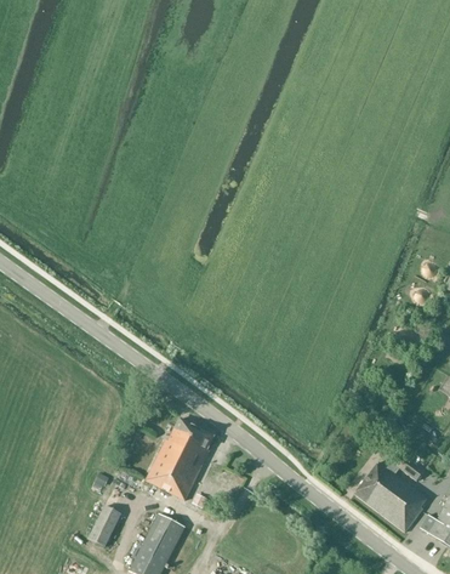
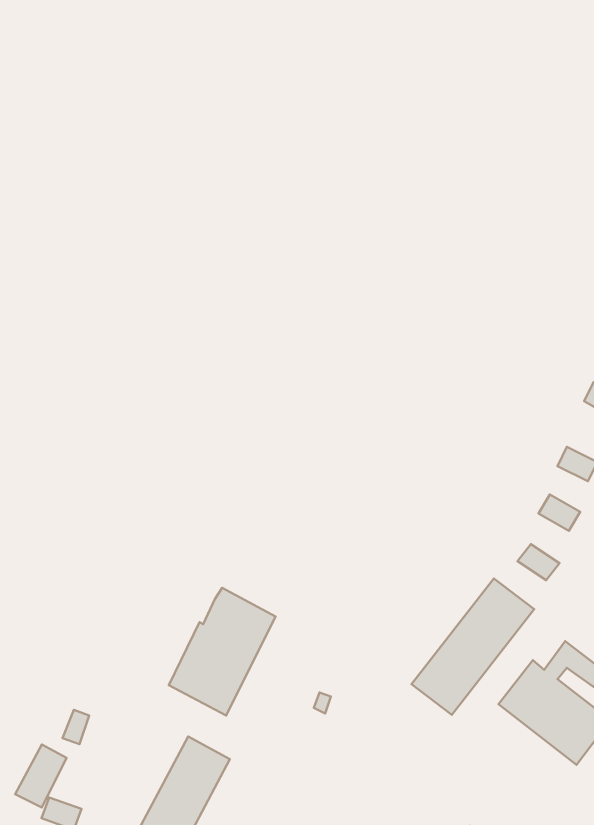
building: none -> [411,579,534,715]
building: [89,506,121,546] -> [15,745,67,807]

